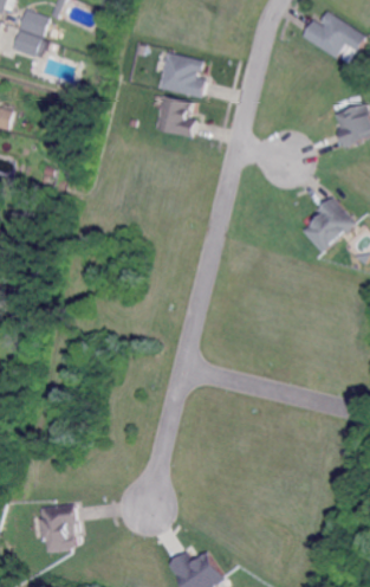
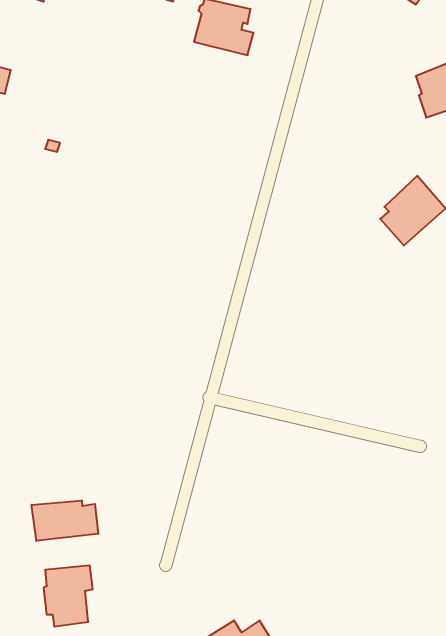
building: [156,96,196,137] -> none
building: none -> [32,500,98,541]

